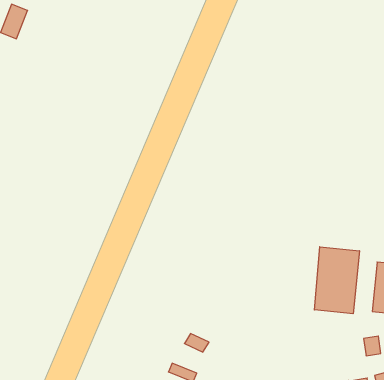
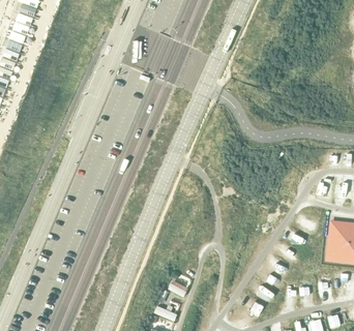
building: [314,247,359,314] -> none

